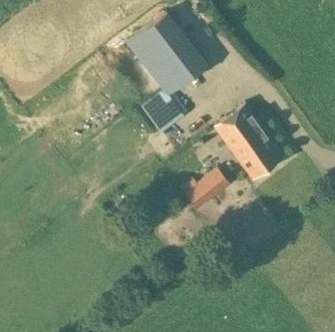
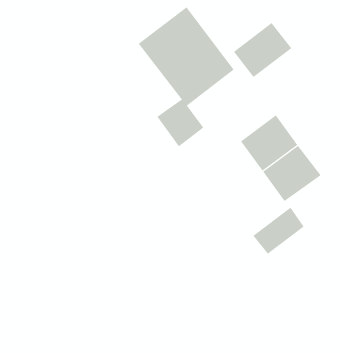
building: none -> [233,22,292,78]
building: [186,168,231,209] -> [252,207,305,254]

